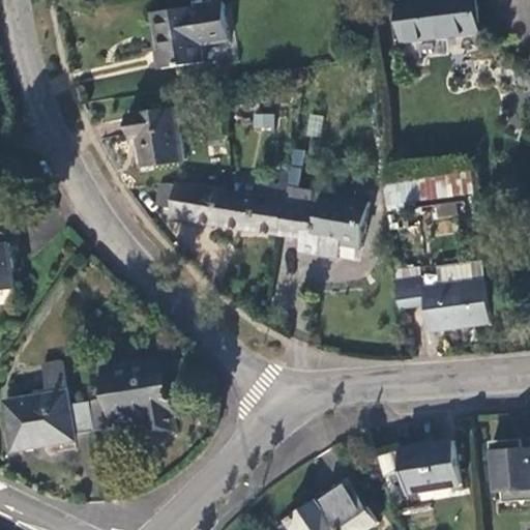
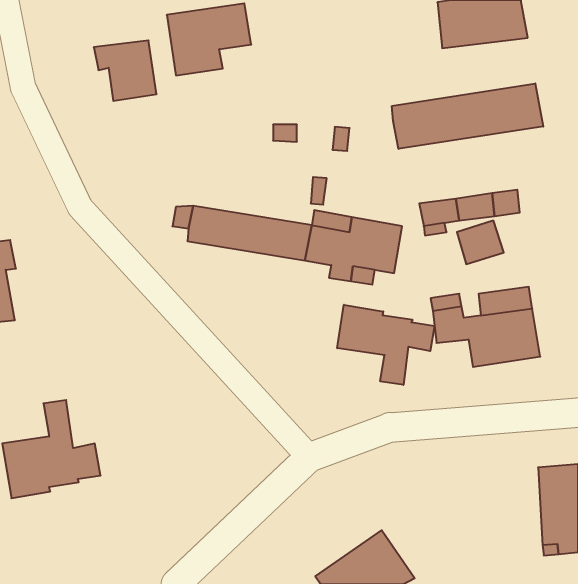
building: none -> [392,83,543,149]
building: [124,112,181,167] -> [94,40,157,101]
building: none -> [337,305,435,385]
building: [86,359,172,435] -> none
building: [400,443,460,495] -> none

